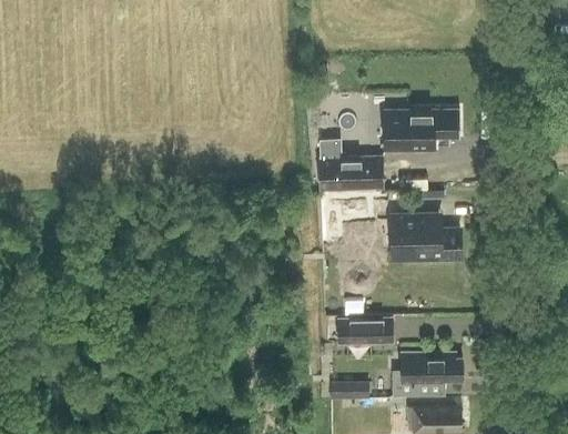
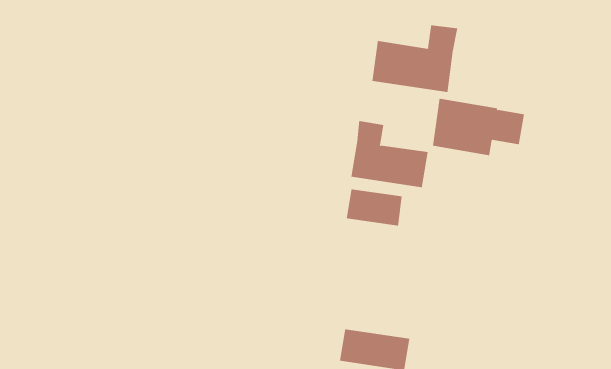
building: none -> [372,24,458,93]
building: [399,214,459,260] -> none

